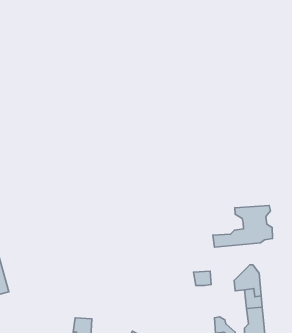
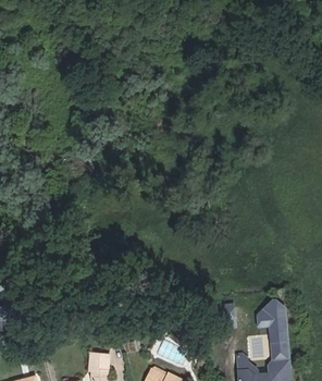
building: [213,205,273,247] -> none

